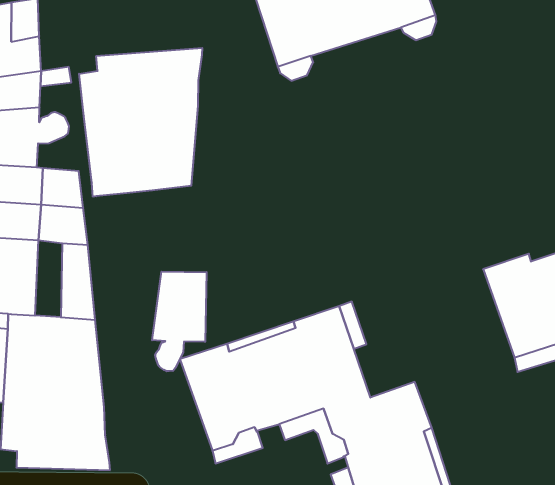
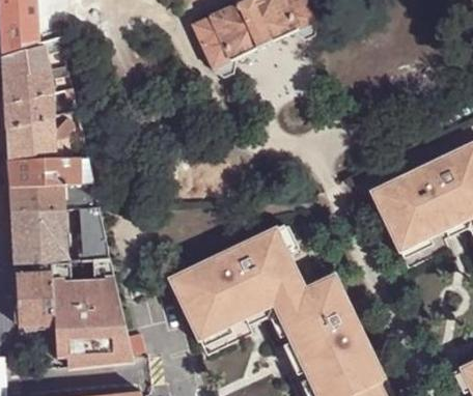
building: [79,48,202,197] -> none
building: [152,272,207,371] -> none

